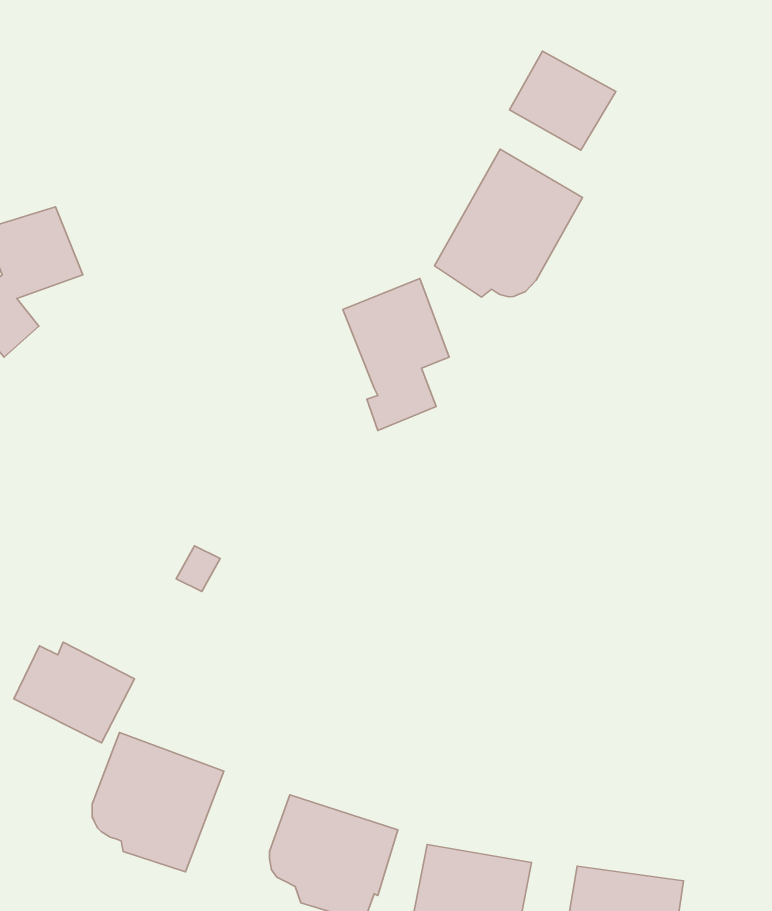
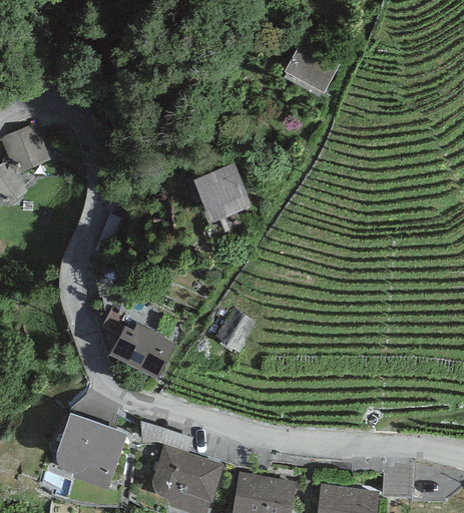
building: [435,149,583,297] -> none
building: none -> [214,308,257,352]
building: [14,642,135,743] -> [109,324,175,379]

